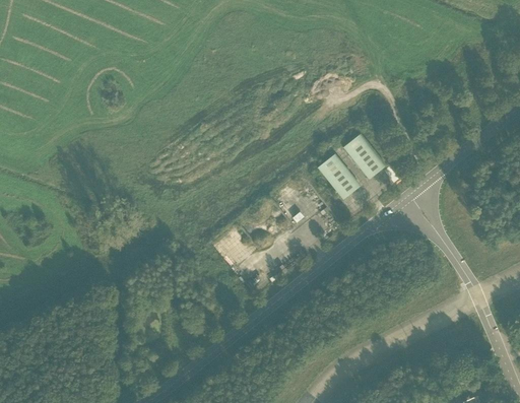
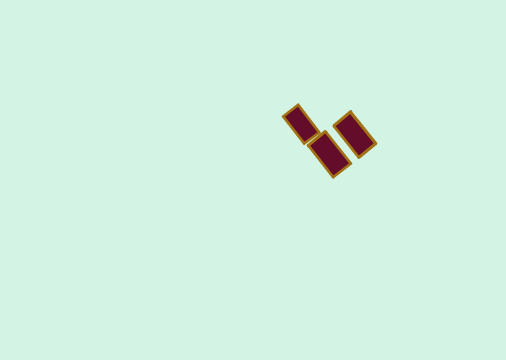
building: none -> [283,105,319,143]

